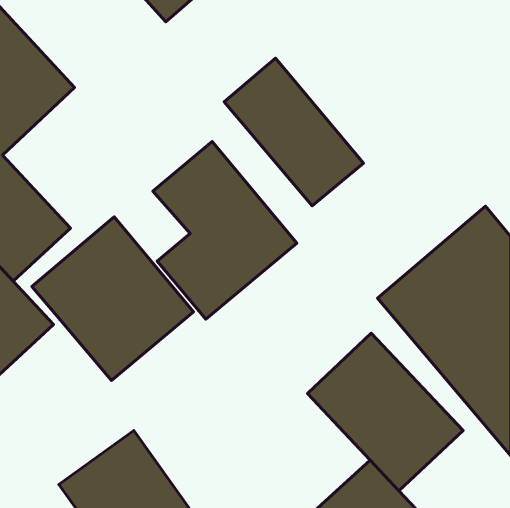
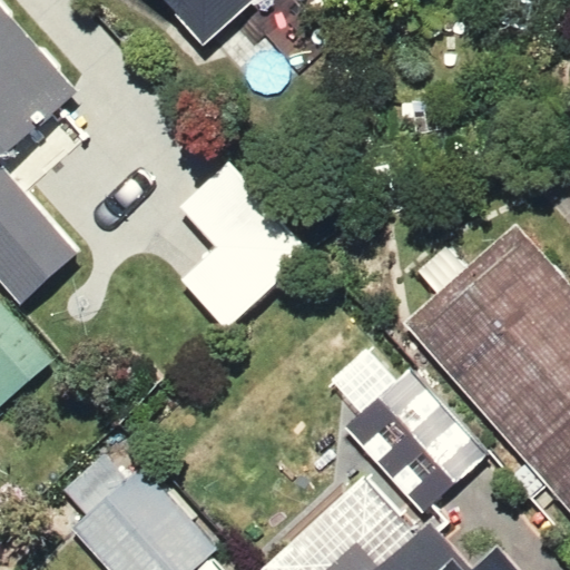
building: [224,58,364,206] -> none
building: [32,217,194,380] -> none

